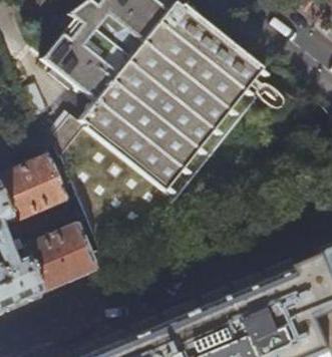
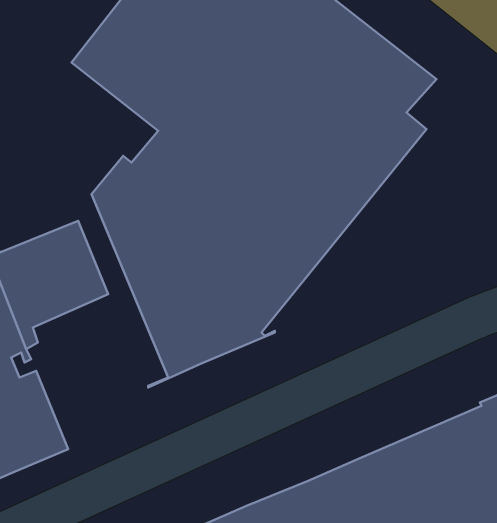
building: [25,223,97,293] -> none

